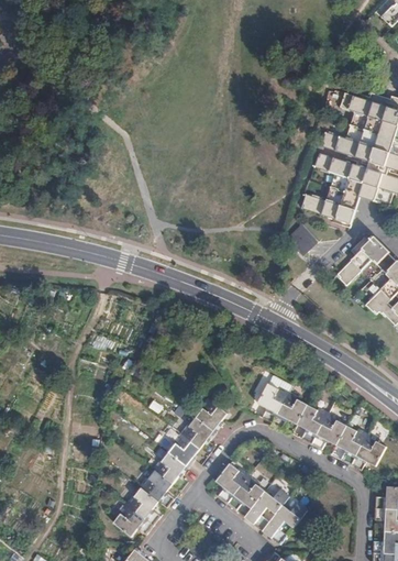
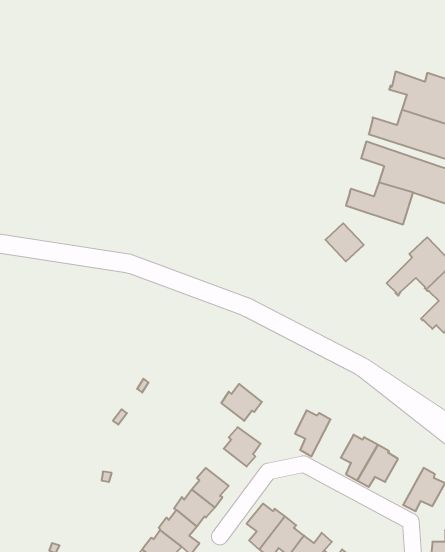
building: [272,392,308,429] -> none
building: [180,417,215,449] -> [221,384,262,421]
building: [335,426,368,465] -> none

